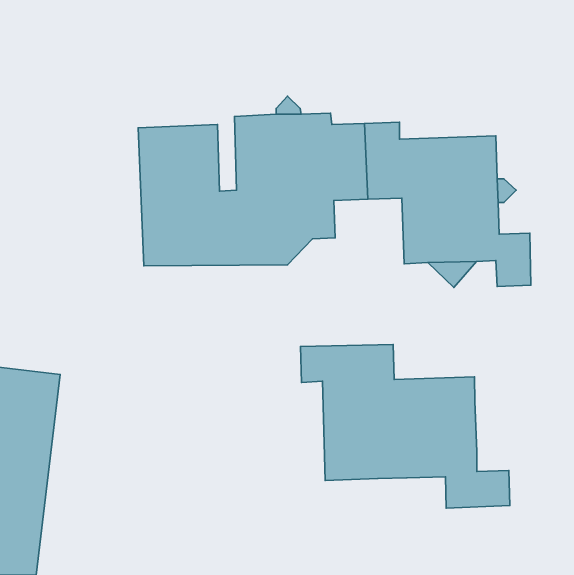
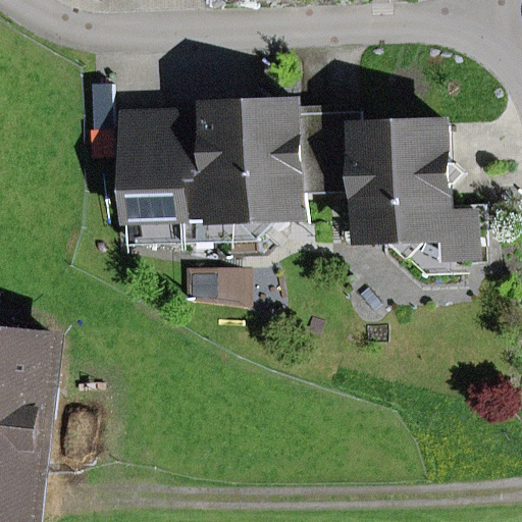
building: [300,344,510,508] -> none

